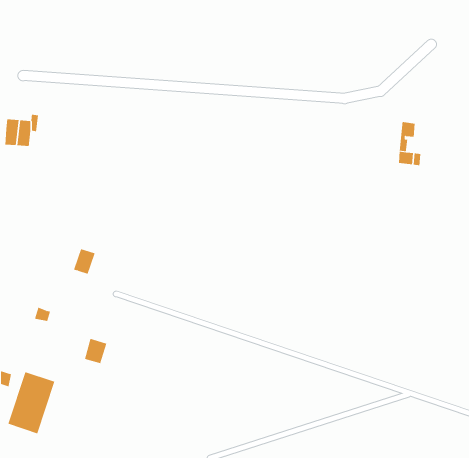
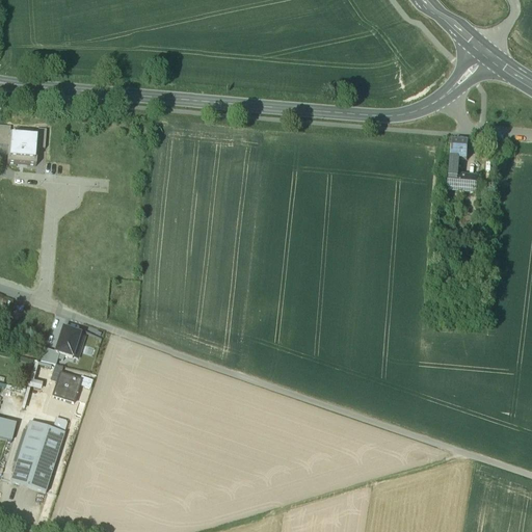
building: [73,249,95,274] -> [55,326,80,355]
building: [84,338,107,364] -> [54,369,80,398]

